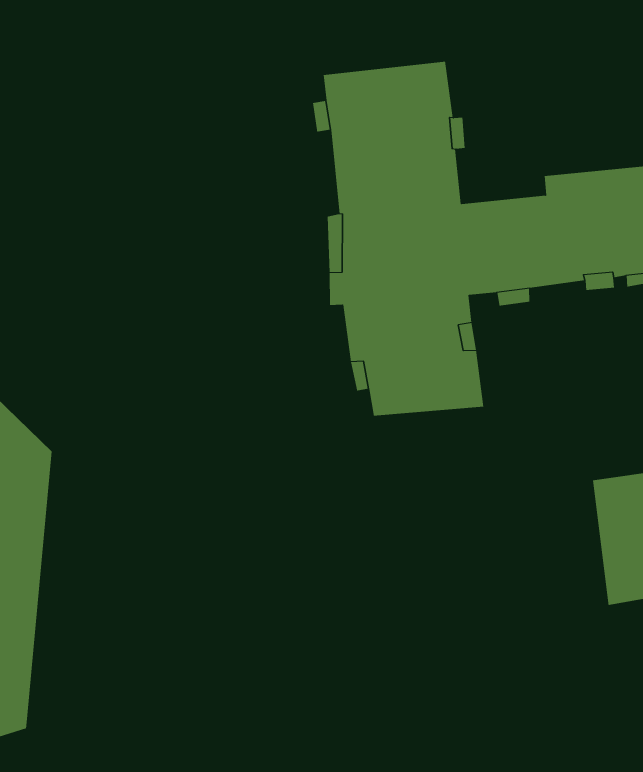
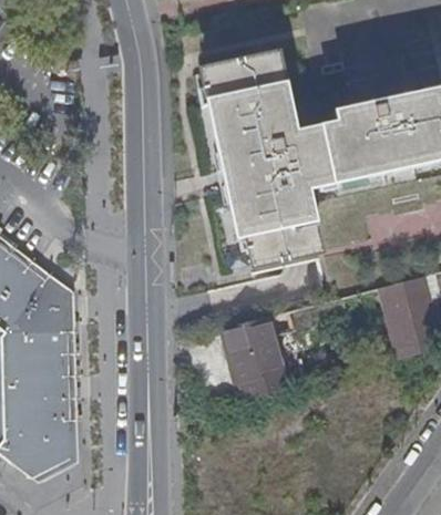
building: none -> [222,316,289,398]

